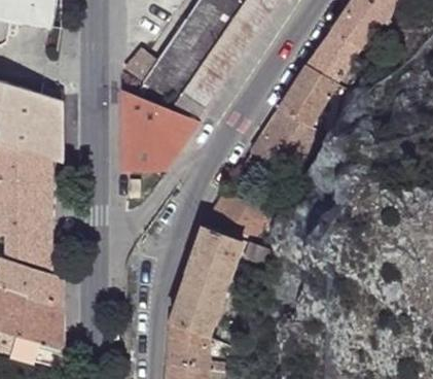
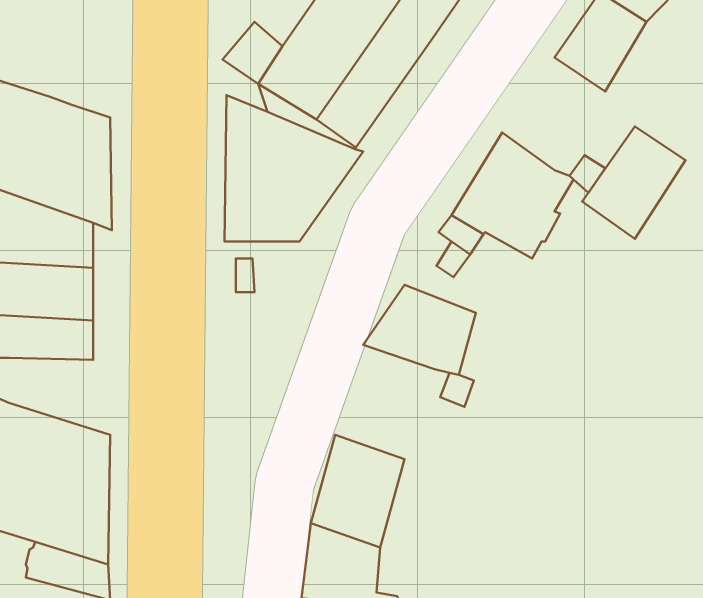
building: [277,67,333,129] -> [582,126,685,239]
building: [185,225,240,287] -> none
building: [6,232,52,266] -> none

